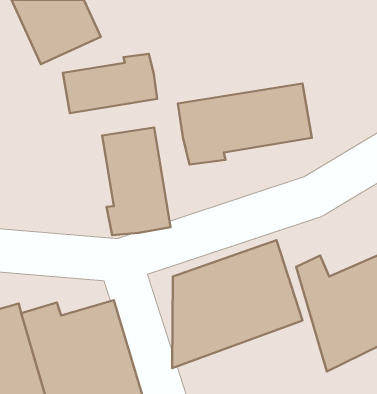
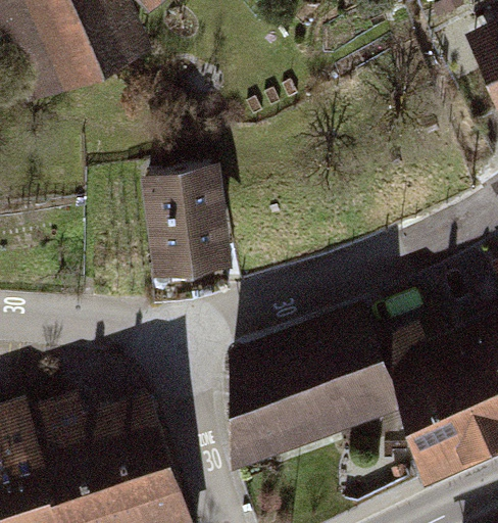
building: [63,54,157,113] -> none
building: [178,83,312,165] -> none

